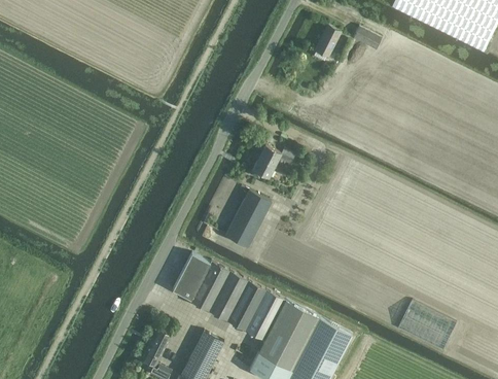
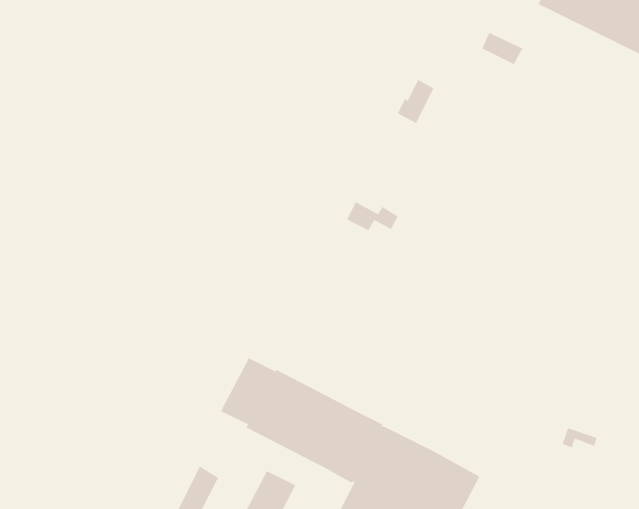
building: [315,27,341,58] -> [397,79,434,124]
building: [250,158,287,179] -> none
building: [225,191,272,248] -> none

